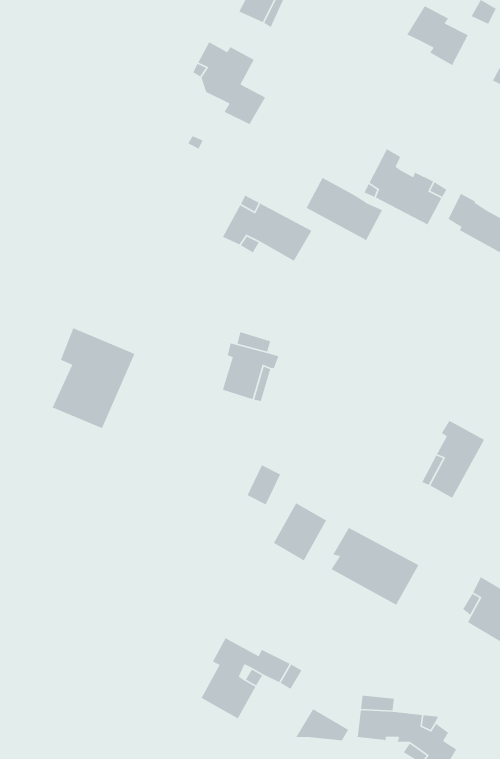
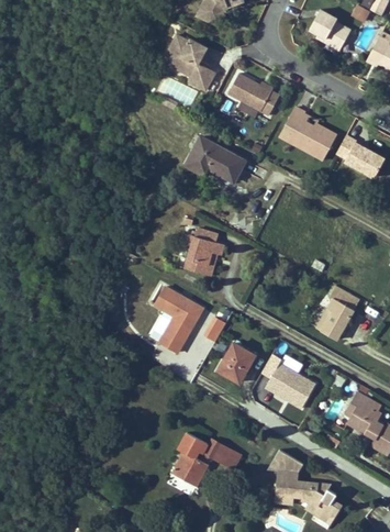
building: [306,177,383,241] -> [227,73,279,115]
building: [51,327,135,429] -> [146,287,202,355]
building: [295,708,349,741] -> [268,451,304,473]

